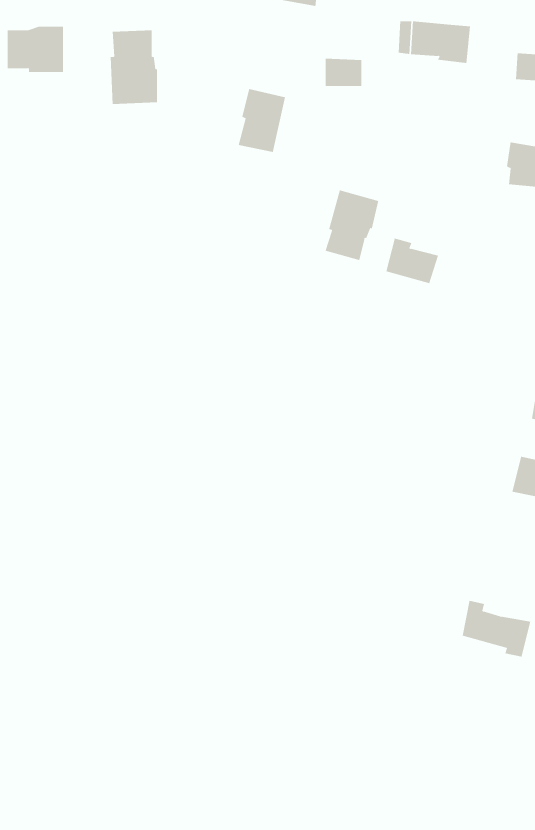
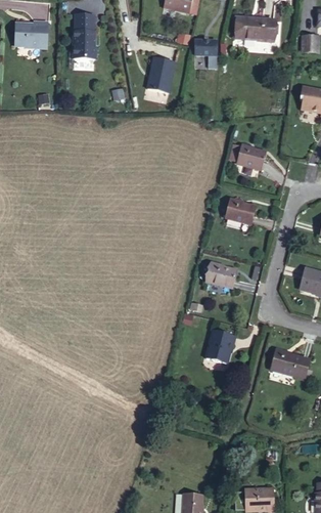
building: [325,189,379,261] -> none
building: none -> [226,197,257,222]
building: none -> [203,259,235,288]
building: none -> [207,328,237,361]

